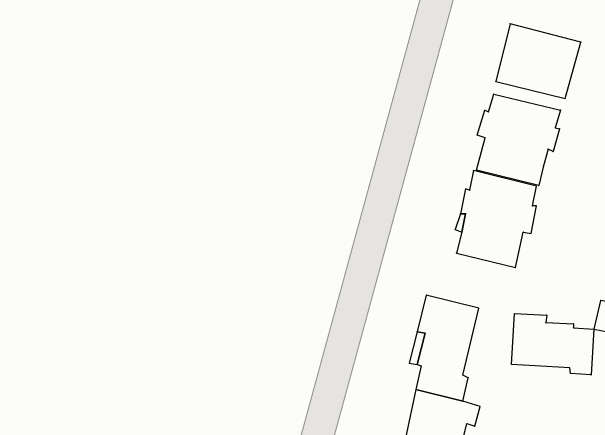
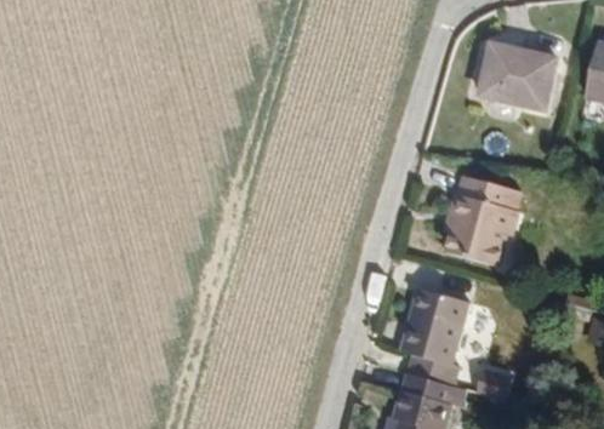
building: [476,94,561,186] -> none
building: [511,314,594,375] -> none

